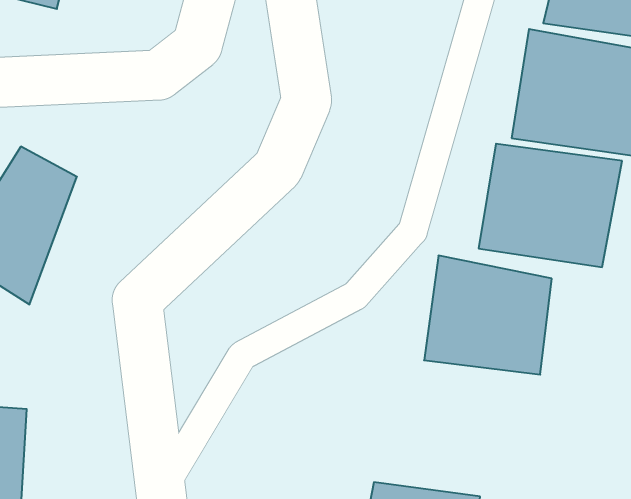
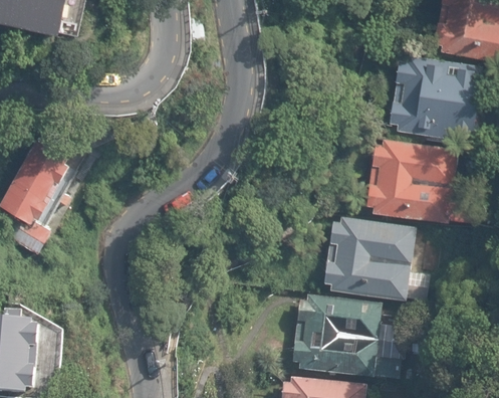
building: none -> [290,292,400,377]

